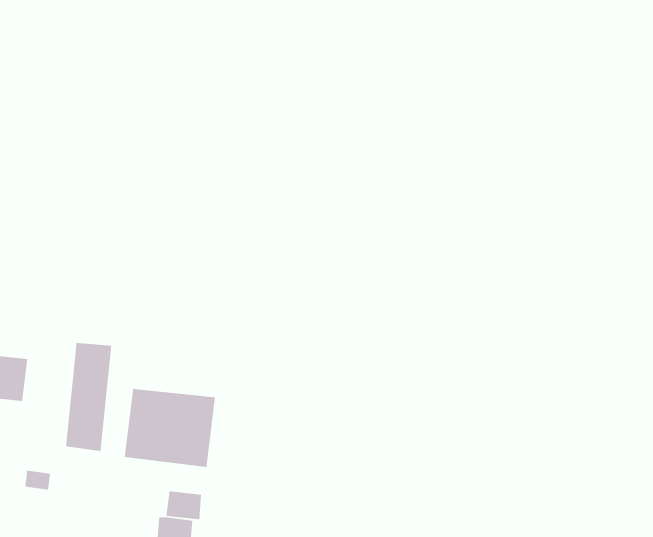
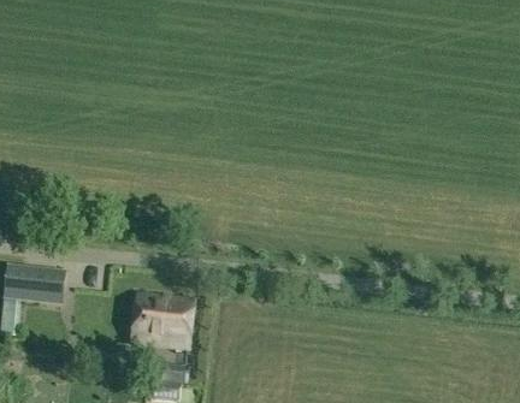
building: [65,342,112,452] -> none

